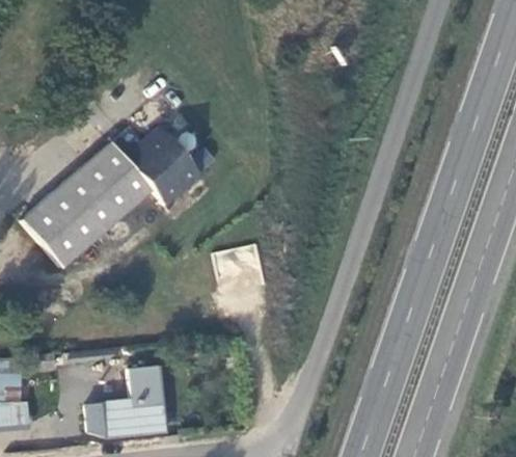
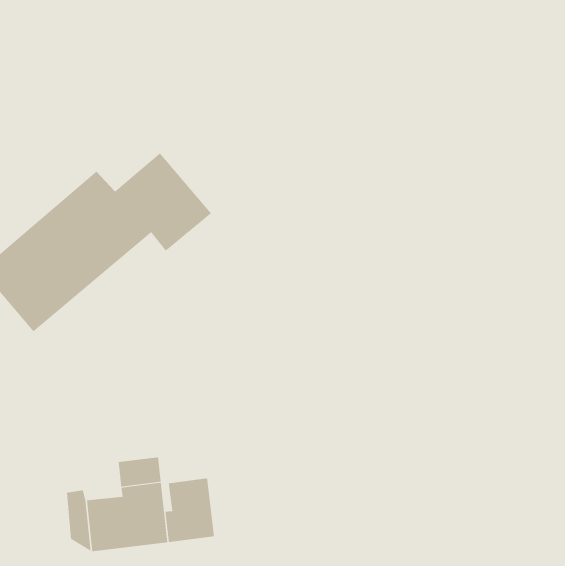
building: [216,244,266,308] -> none
building: none -> [165,478,215,543]

